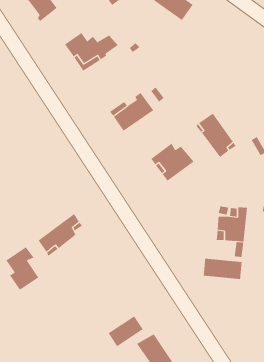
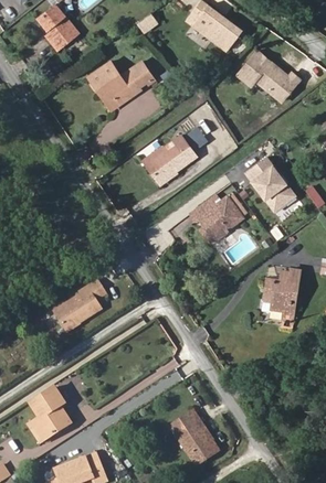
building: none -> [238,51,301,101]
building: [5,246,39,290] -> [29,389,69,441]
building: [203,258,242,280] -> none
building: [108,315,143,347] -> none

